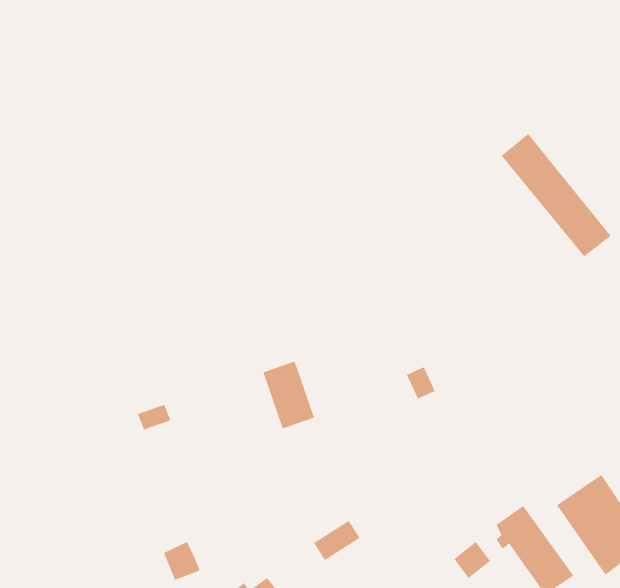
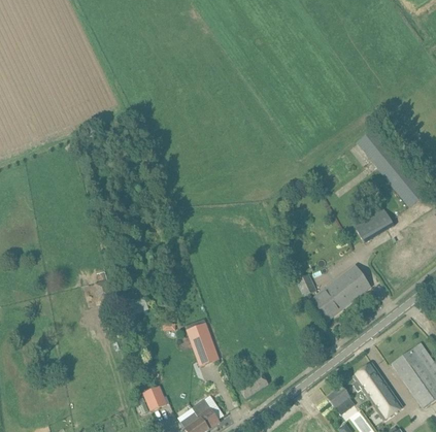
building: none -> [355,209,394,243]
building: none -> [311,265,370,320]
building: [263,361,315,429] -> [185,322,217,365]

